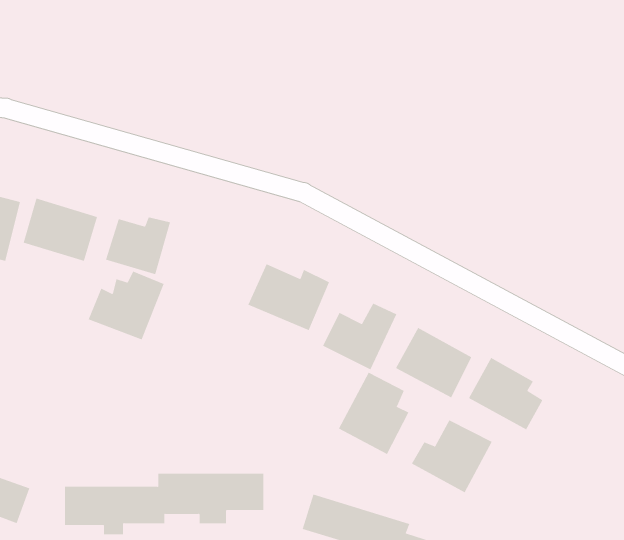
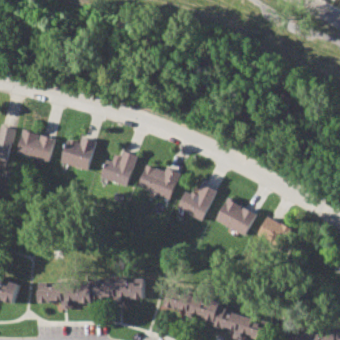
building: [88,271,165,340] -> [98,151,139,188]
building: [338,372,409,455] -> none
building: [411,419,493,493] -> none

